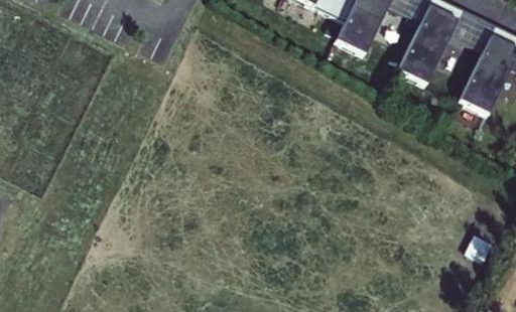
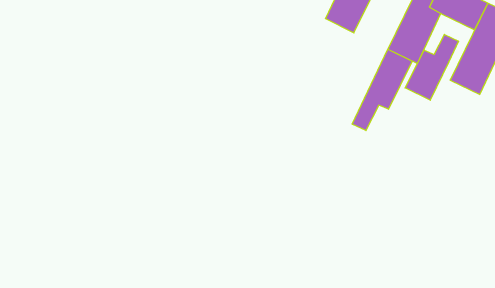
building: none -> [405,34,458,100]
building: none -> [352,49,412,131]

